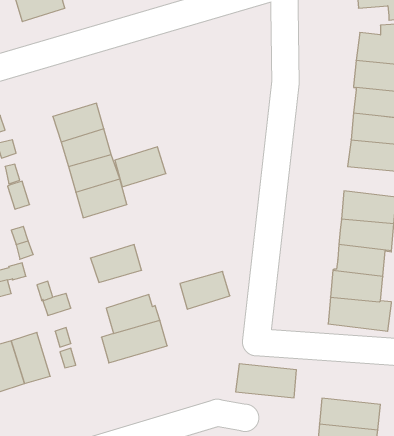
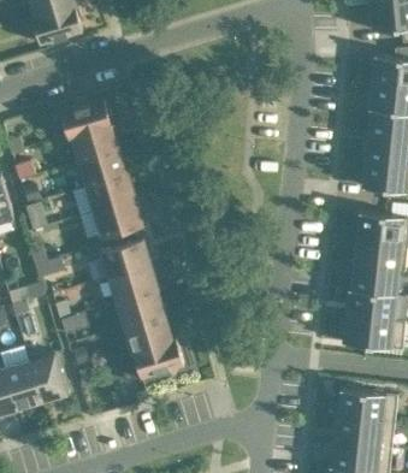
building: none -> [60,97,113,138]
building: [115,147,166,187] -> [100,237,150,277]
building: [180,271,230,309] -> [116,289,165,326]
building: [236,364,296,398] -> [336,388,396,421]

